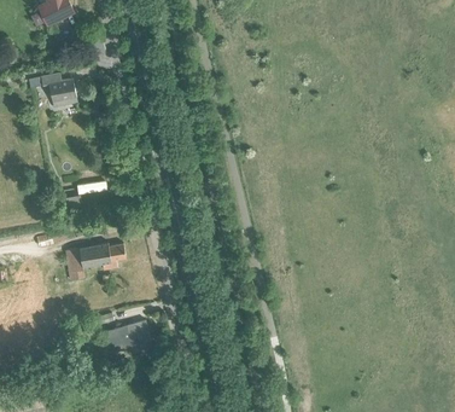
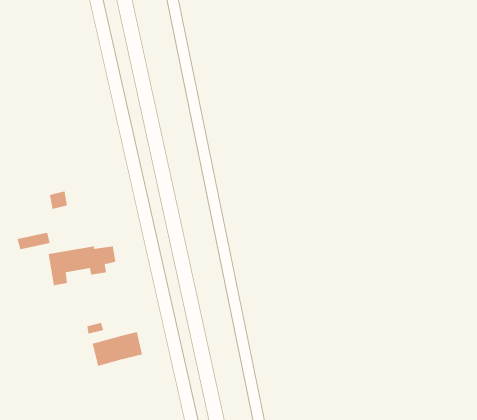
building: [28,75,76,108] -> none

